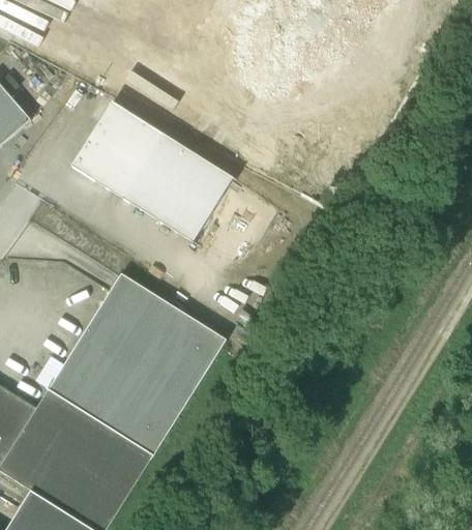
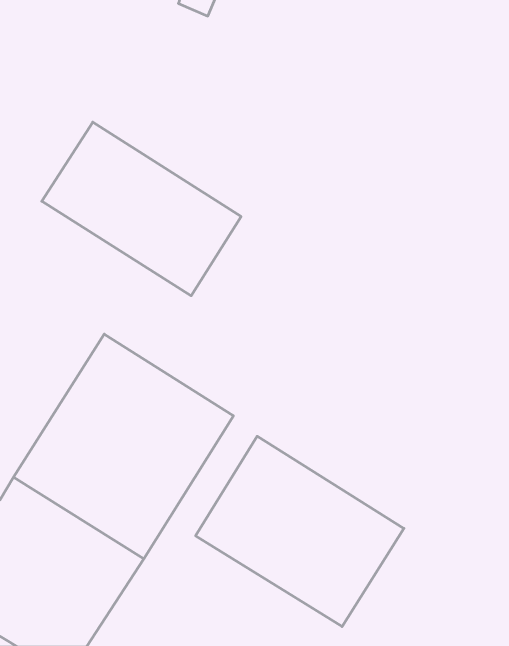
building: none -> [196,436,404,627]

